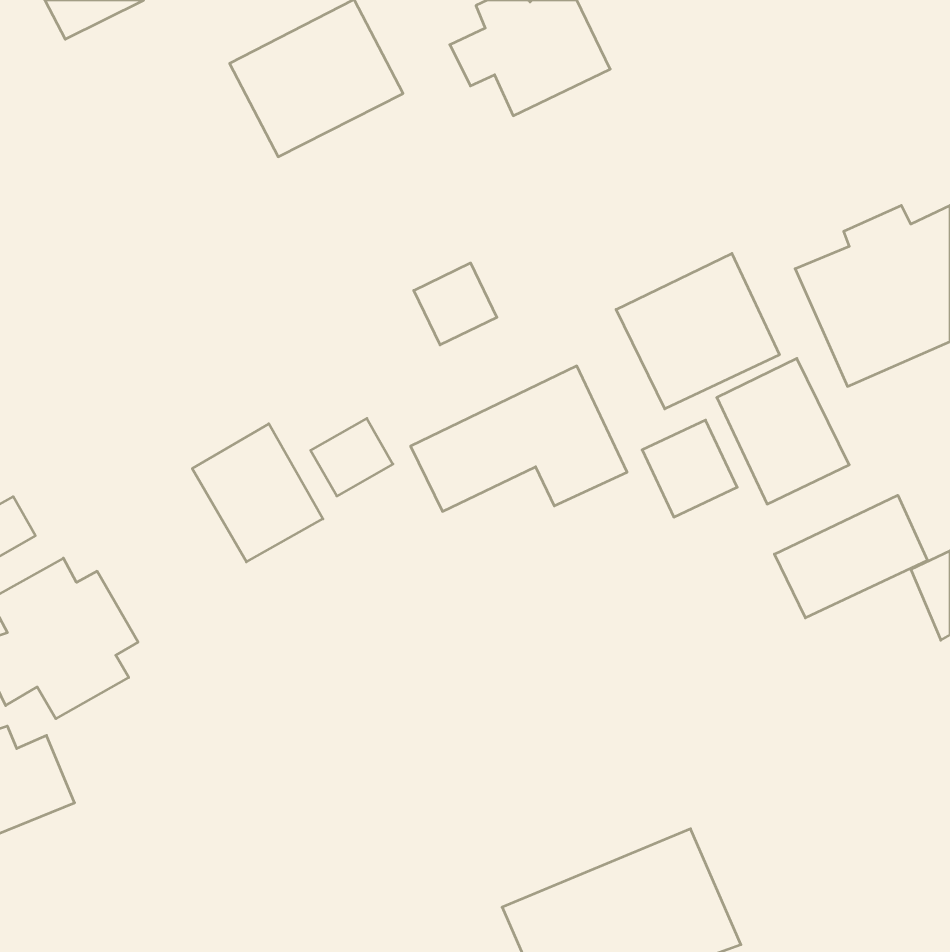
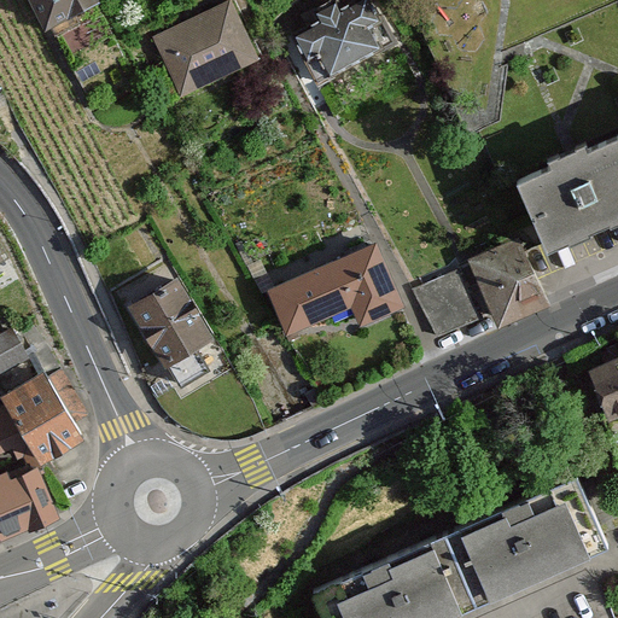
building: [616,253,779,409] -> none
building: [414,263,497,345] -> none
building: [311,418,393,496] -> none
building: [774,495,927,618] -> none
building: none -> [453,479,608,611]

